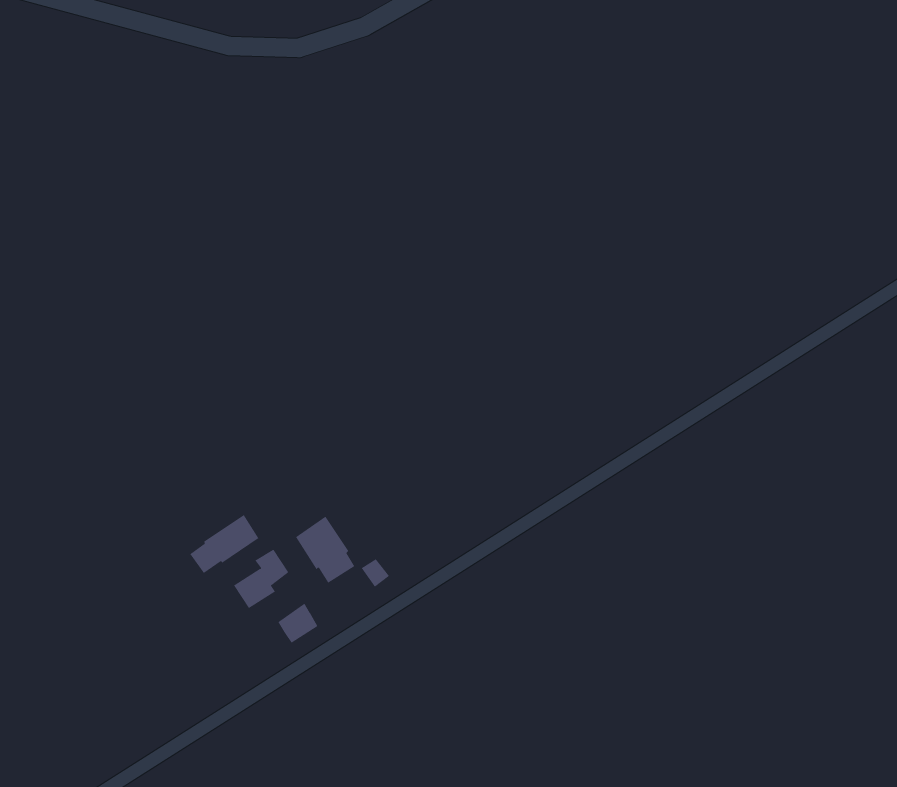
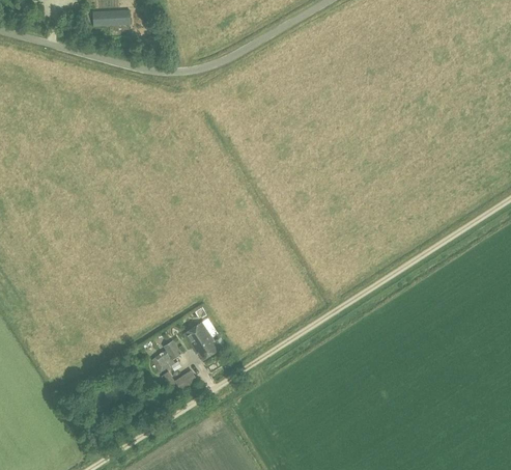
building: [190,514,259,574] -> none

